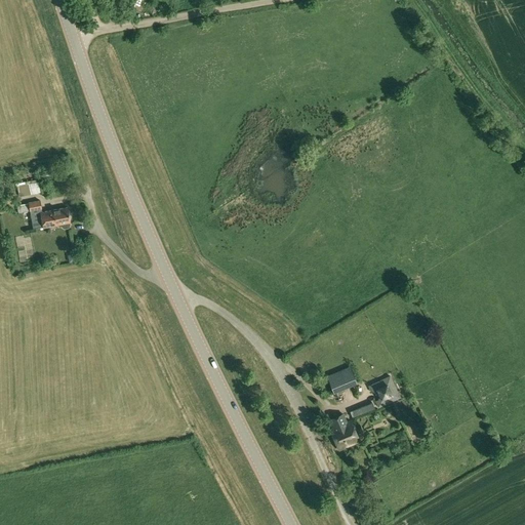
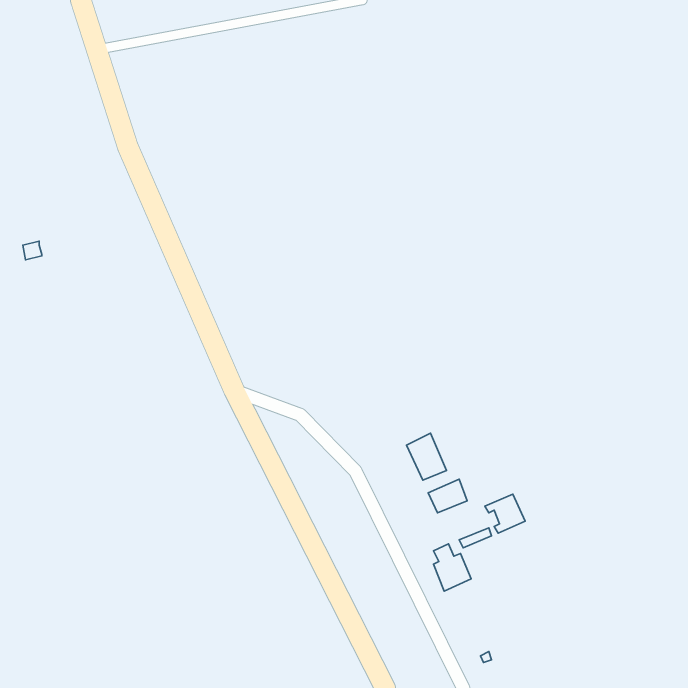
building: [28,200,70,229] -> none
building: none -> [407,433,447,480]

